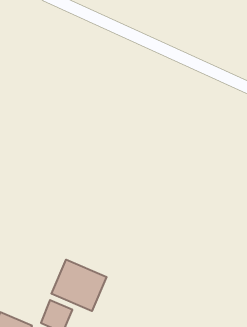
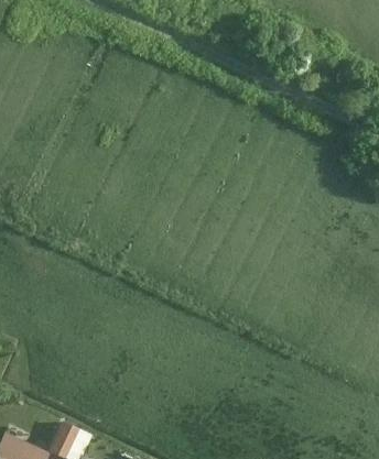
building: [51,260,107,311] -> none

